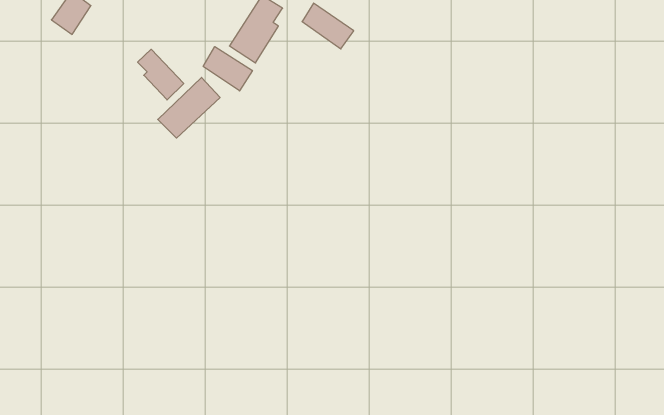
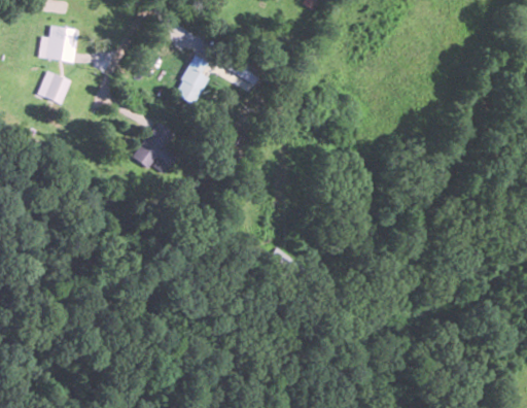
building: [203,47,252,91] -> none
building: [138,49,184,100] -> none

